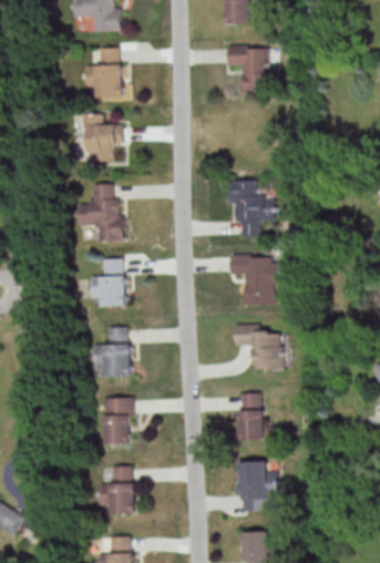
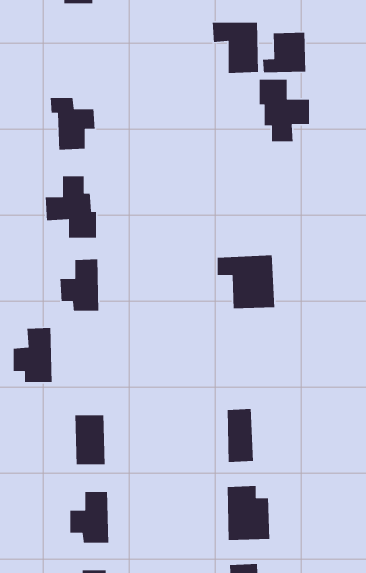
building: [84,48,129,99] -> none
building: none -> [262,32,306,73]
building: [229,180,275,236] -> [259,79,310,142]
building: [234,324,283,369] -> none
building: [94,326,130,376] -> [13,327,53,383]

